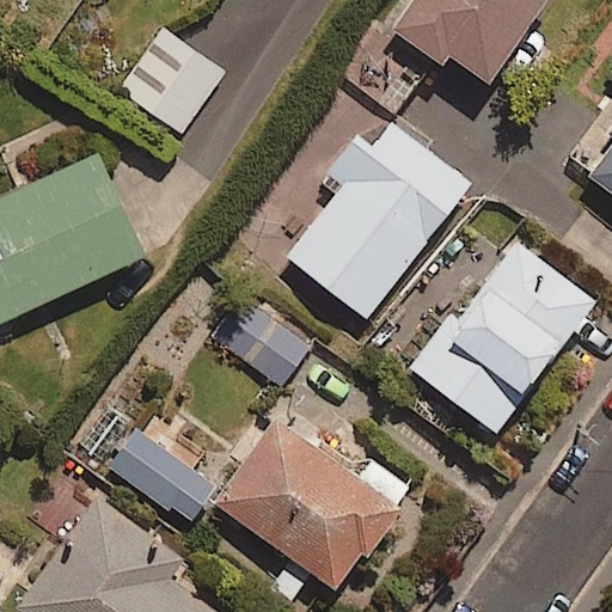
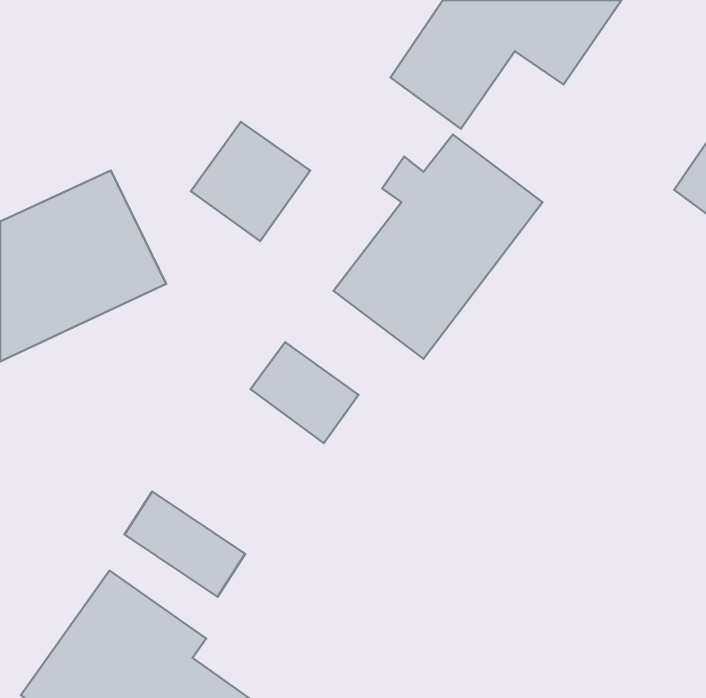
building: [122,33,225,136] -> [191,122,310,241]
building: [412,241,593,429] -> none
building: [213,415,412,592] -> none

